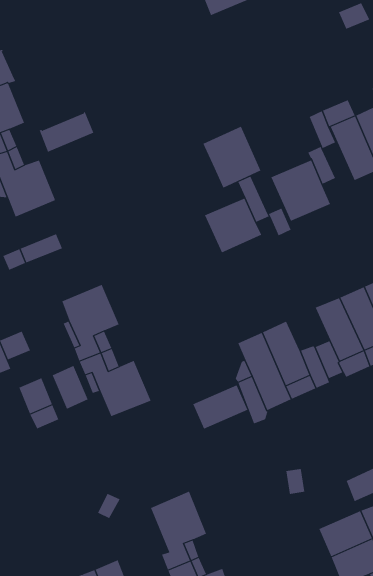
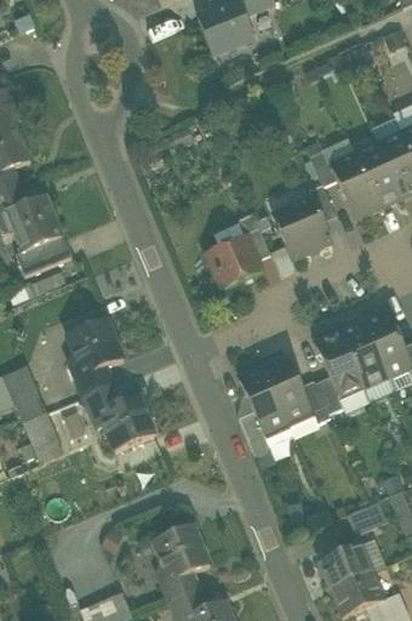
building: [39,112,94,152] -> [16,237,70,277]
building: [202,126,261,189] -> none
building: none -> [12,386,46,422]
building: [192,385,248,429] -> none

